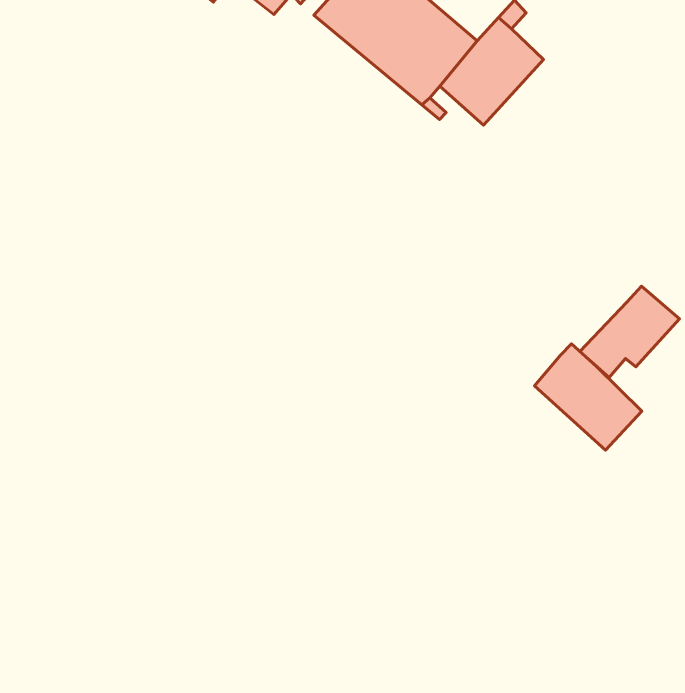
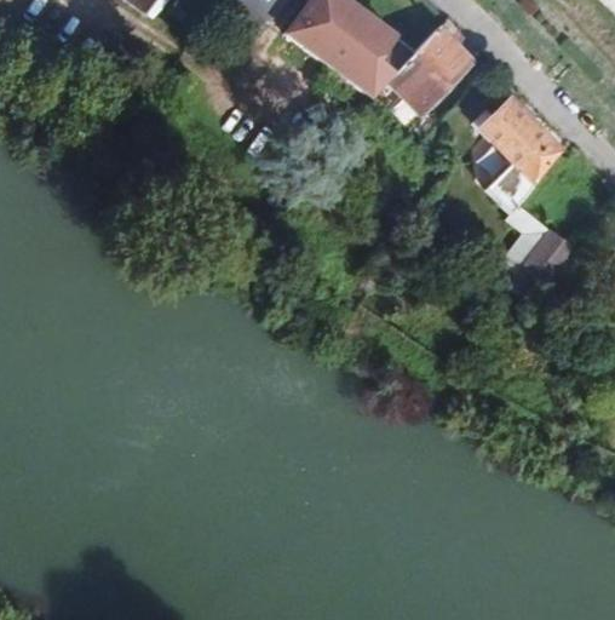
building: none -> [466,92,557,245]
building: [534,344,642,450] -> none

